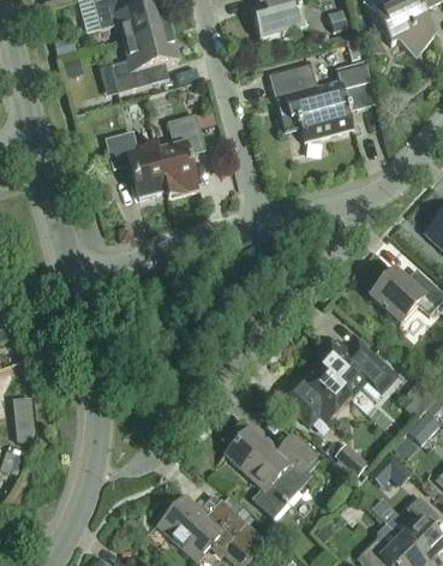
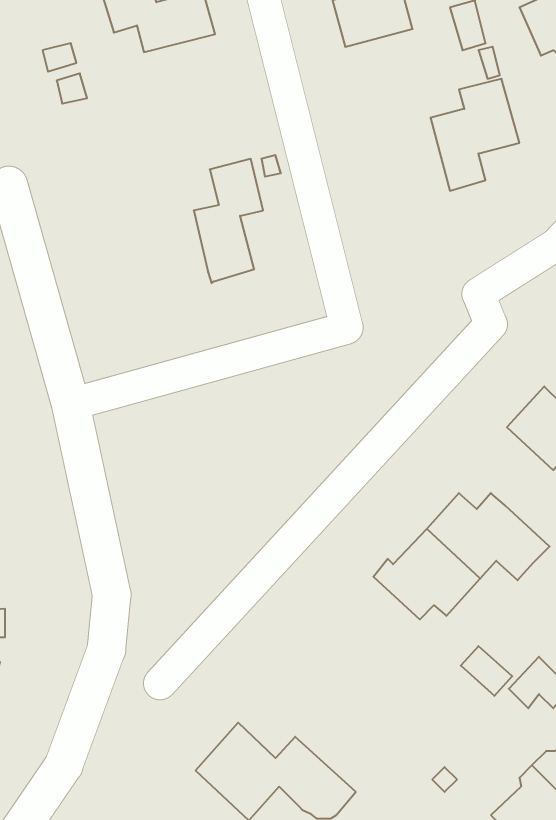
building: [112,30,179,93] -> none
building: [268,58,330,142] -> none
building: [106,131,167,198] -> none
building: [225,428,319,519] -> none

